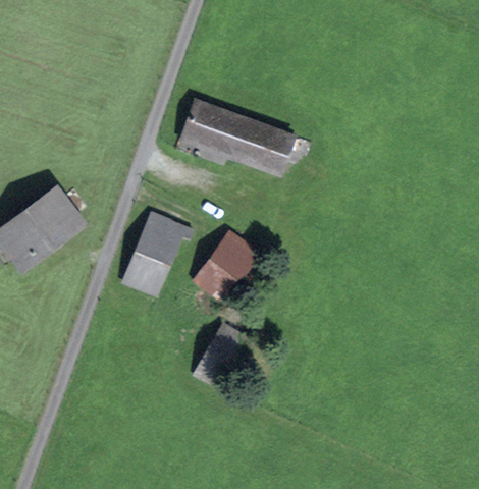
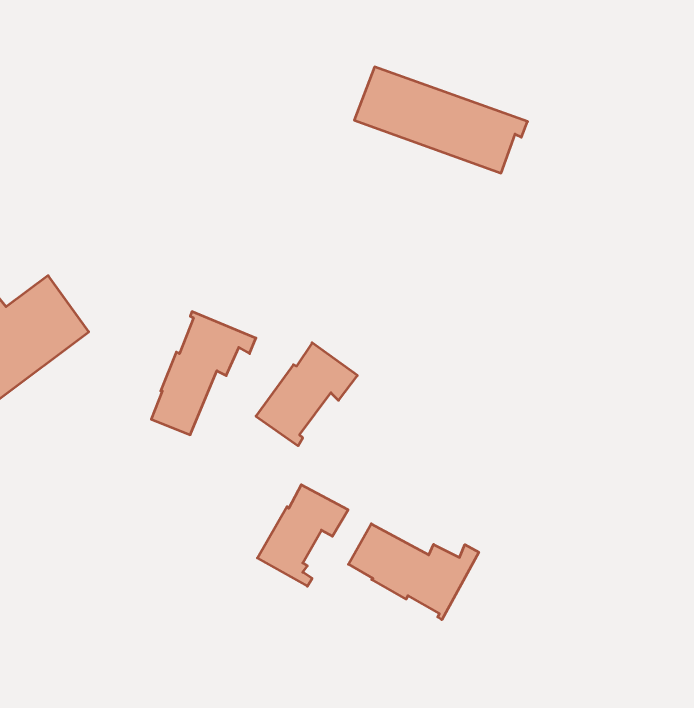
building: [183,102,297,171] -> [354,67,528,173]
building: none -> [348,524,479,620]

